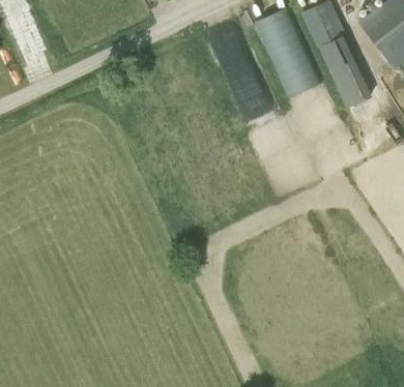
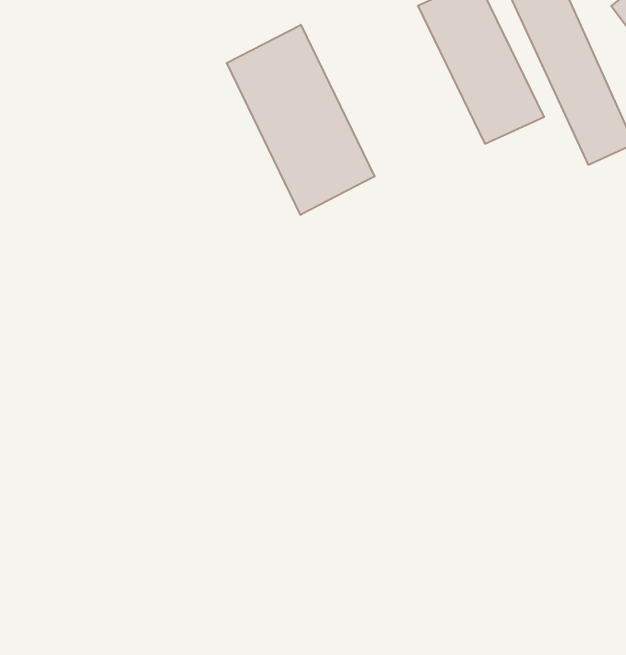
building: none -> [227,25,375,215]

